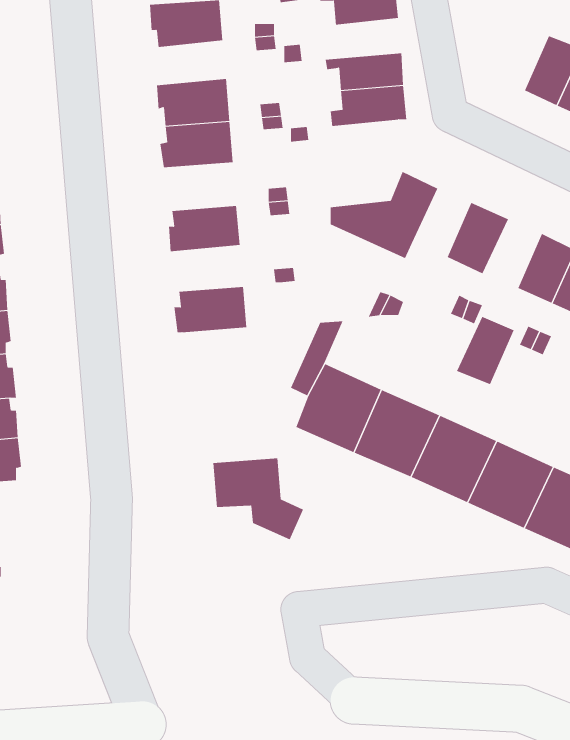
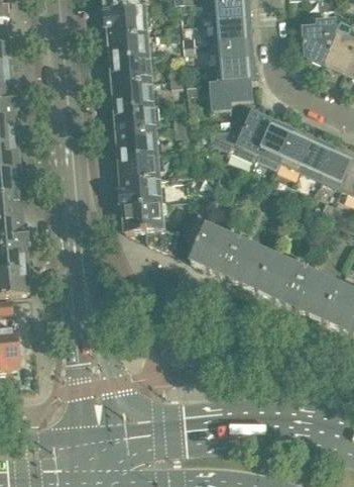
building: none -> [303,18,338,63]
building: none -> [206,20,252,44]
building: none -> [106,33,149,60]
building: none -> [211,80,252,109]
building: none -> [112,105,155,133]
building: none -> [258,120,292,161]
building: none -> [116,154,159,181]
building: [456,316,514,385] -> [300,138,334,179]
building: [213,458,304,540] -> [123,202,176,251]

